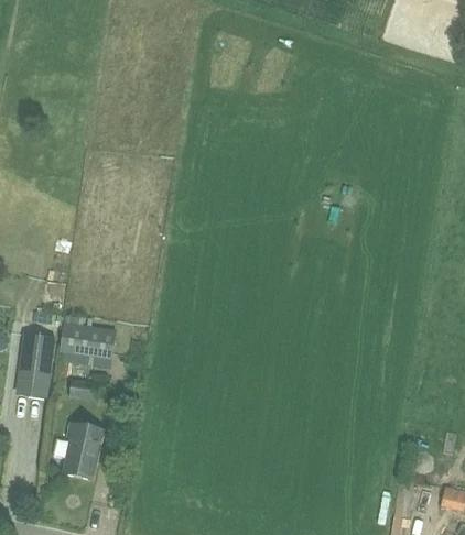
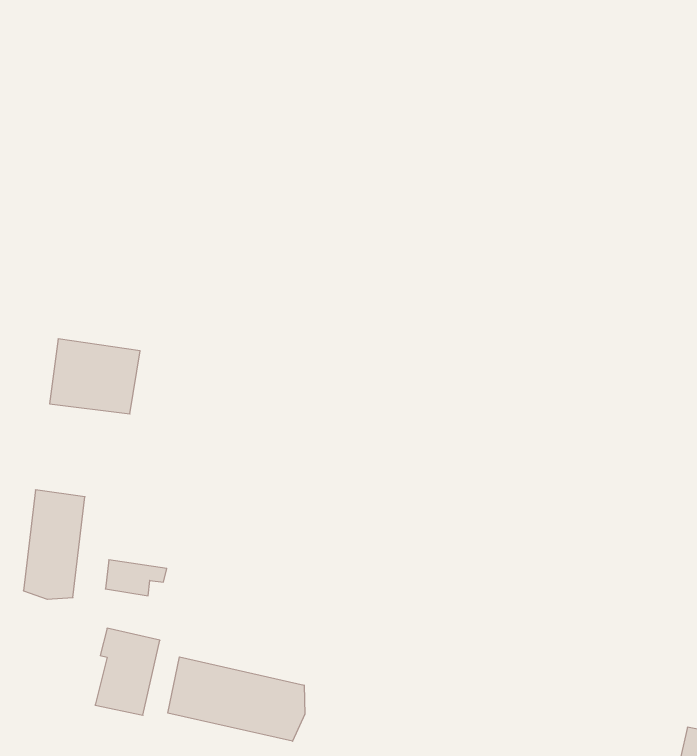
building: [57,320,116,369] -> [50,339,140,414]
building: none -> [168,657,305,741]

